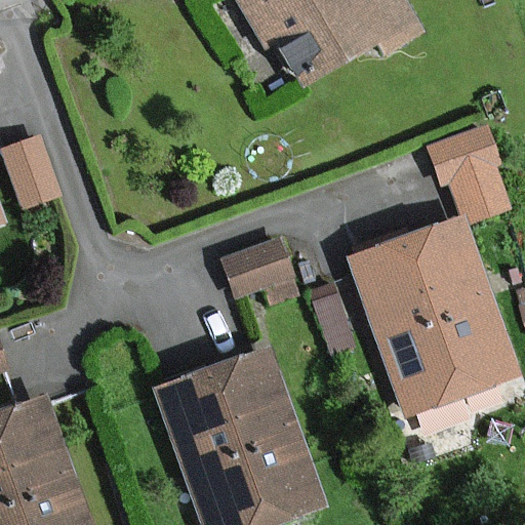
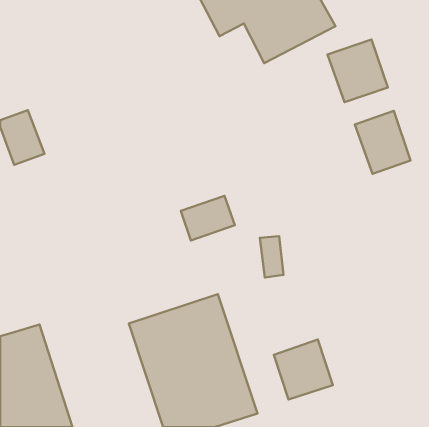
building: none -> [328,39,388,102]
building: [350,220,518,416] -> none
building: none -> [274,340,333,399]

